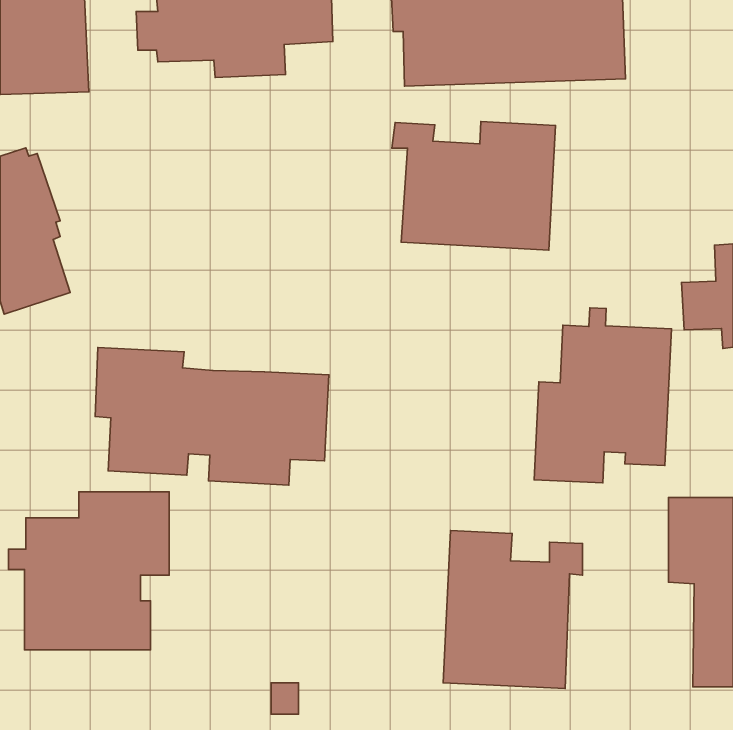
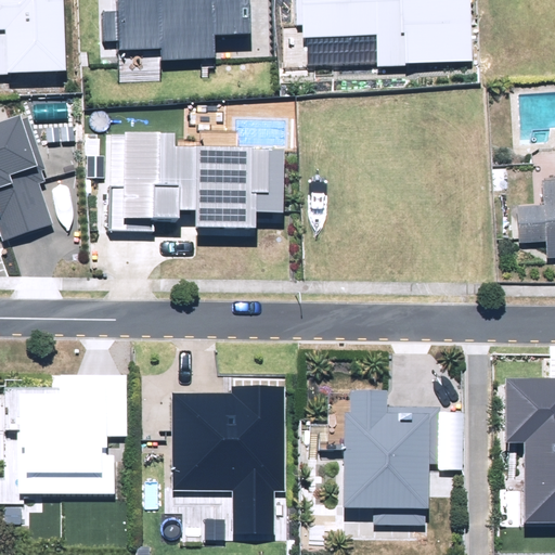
building: [392,122,556,250] -> none
building: [534,308,671,483] -> none
building: [95,348,329,485] -> [108,141,285,245]
building: none -> [173,385,285,531]

